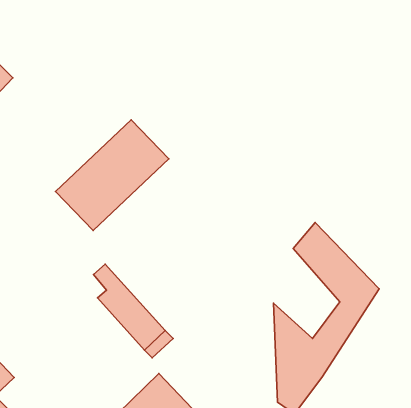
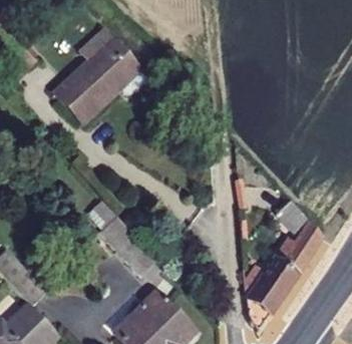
building: [55,120,169,231] -> [58,39,145,124]

